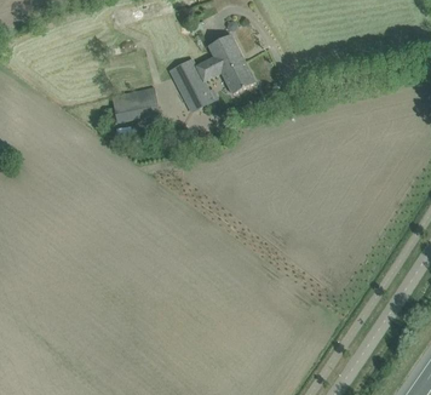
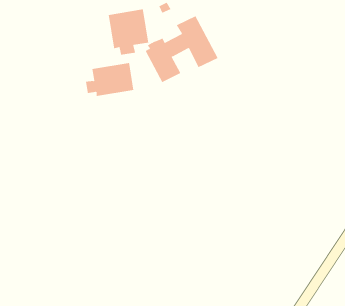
building: none -> [108,8,149,55]

